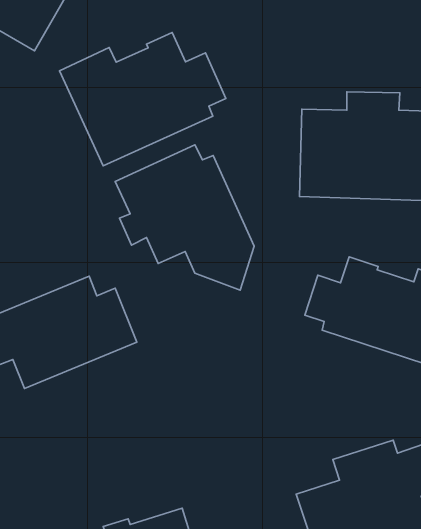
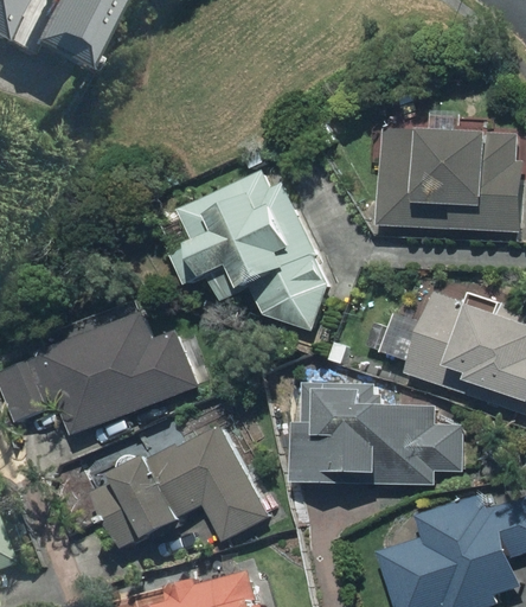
building: [59,32,226,166] -> none
building: none -> [286,383,464,486]
building: none -> [86,421,270,552]

